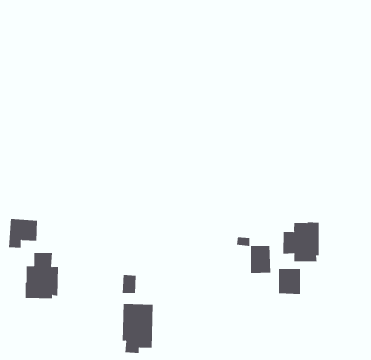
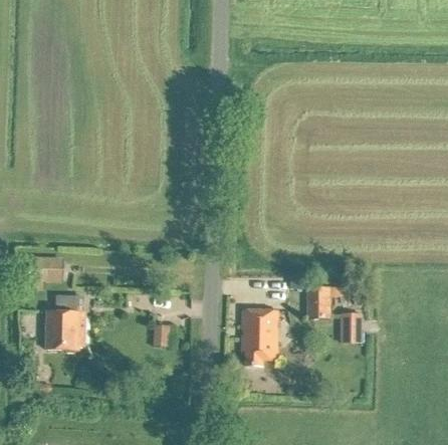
building: [283,222,319,262] -> none
building: [122,304,153,353] -> [242,308,278,366]

